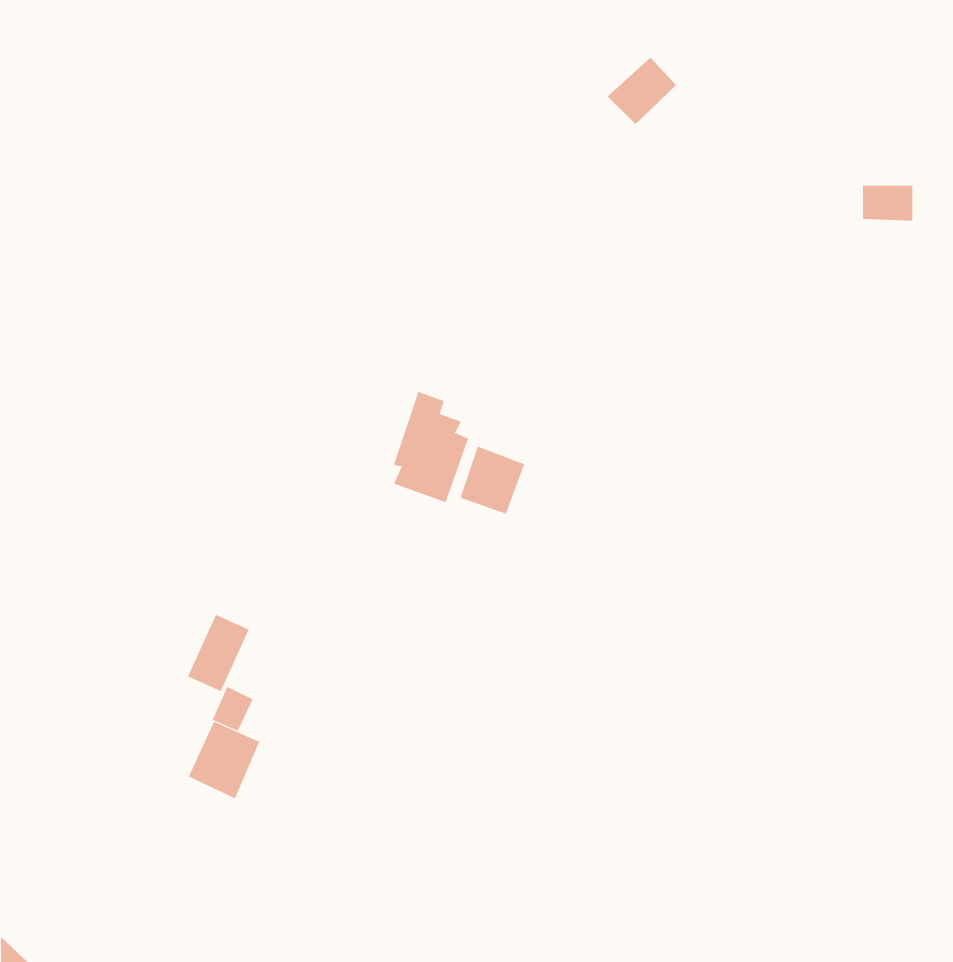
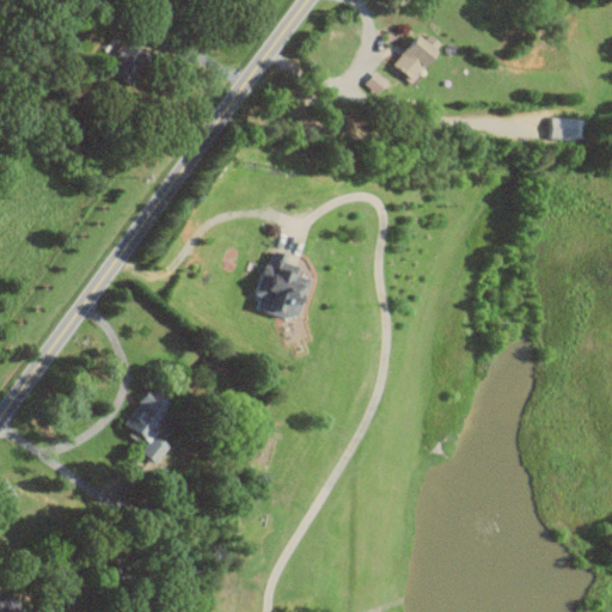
building: [460,446,525,515] -> none
building: [188,721,260,799] -> none

